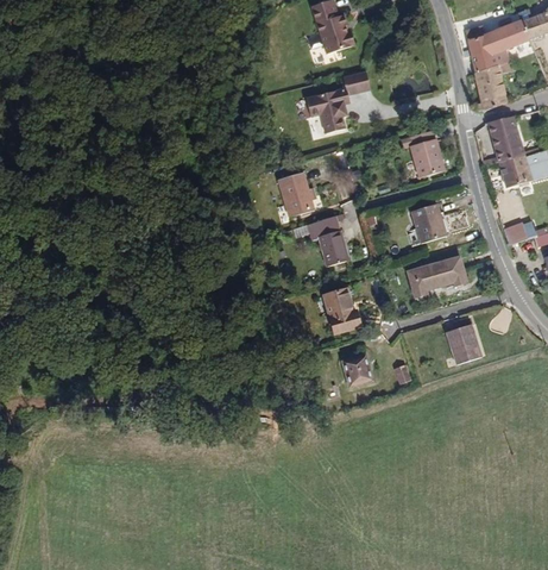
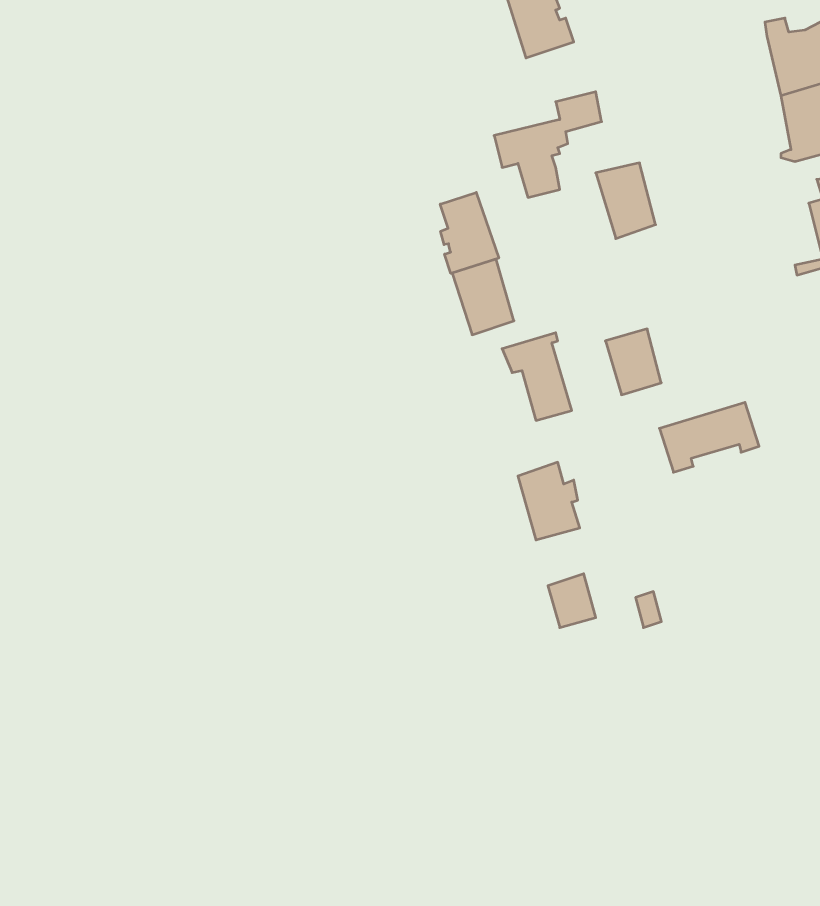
building: [409,129,445,174] -> [596,163,656,239]
building: none -> [440,192,499,273]
building: [409,202,442,242] -> [605,329,661,395]
building: [446,324,480,364] -> none

